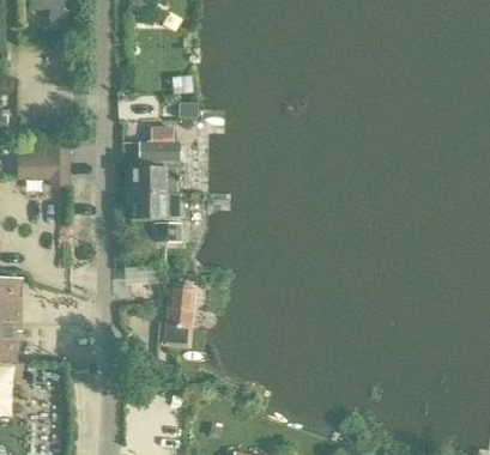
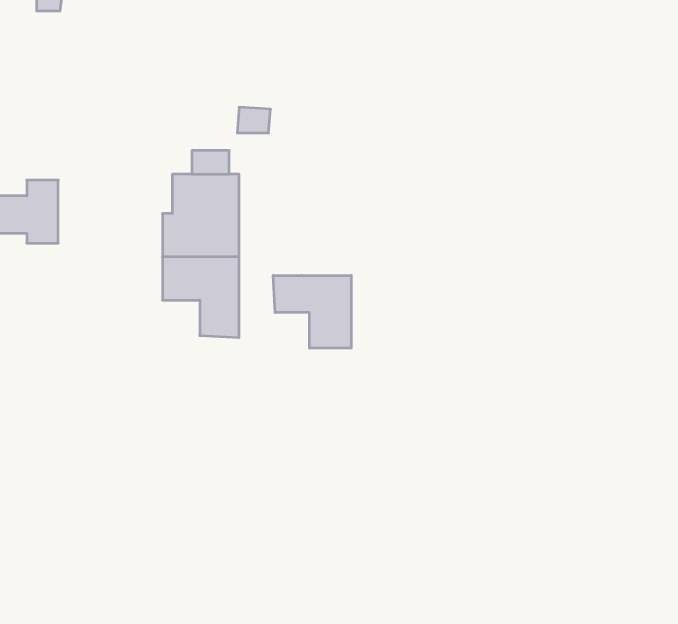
building: none -> [273,275,351,348]
building: [165,284,194,326] -> none

